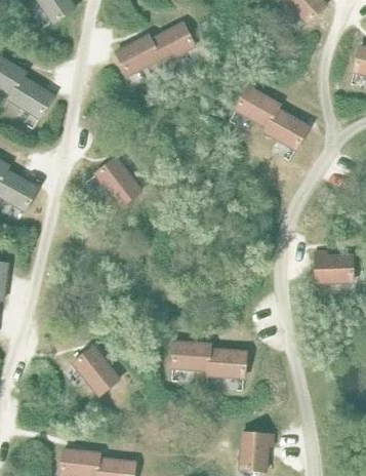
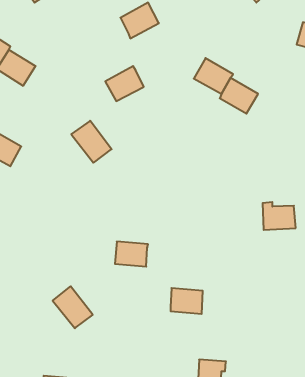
building: [116,34,160,74] -> [105,66,144,101]
building: [172,342,210,370] -> [115,242,148,267]

